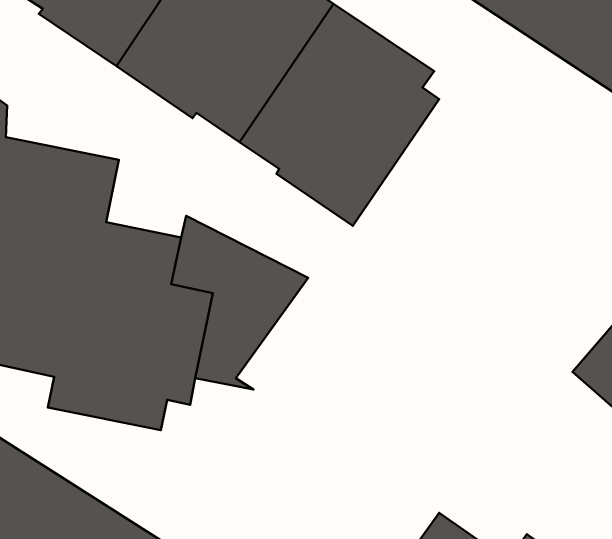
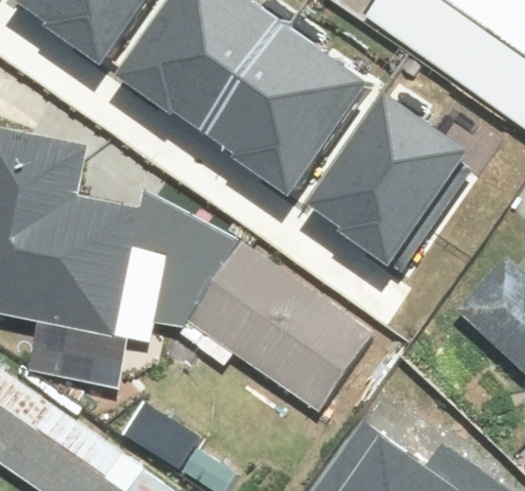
building: none -> [296,93,460,275]
building: none -> [193,241,387,419]

